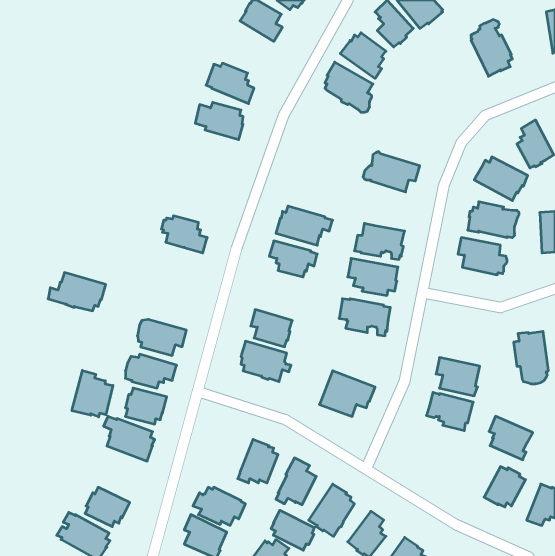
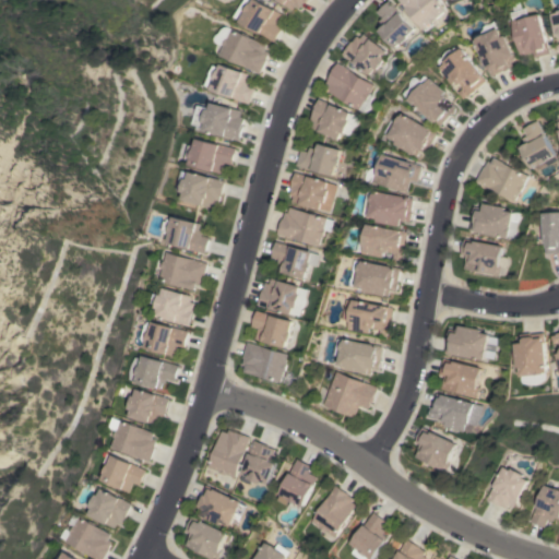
building: none -> [508,9,548,59]
building: none -> [215,27,269,74]
building: none -> [437,48,484,99]
building: none -> [402,75,454,127]
building: none -> [309,99,357,140]
building: none -> [381,115,436,156]
building: none -> [187,139,236,174]
building: none -> [295,144,340,177]
building: none -> [182,173,225,209]
building: none -> [287,173,336,212]
building: none -> [360,191,412,227]
building: [48,273,106,311] -> [147,252,205,290]
building: none -> [257,278,306,317]
building: none -> [147,288,191,326]
building: none -> [443,325,487,360]
building: none -> [331,340,380,374]
building: [72,370,113,417] -> none
building: [489,416,533,460] -> [414,428,457,472]
building: none -> [206,430,249,478]
building: none -> [97,455,144,493]
building: [271,510,314,550] -> none

